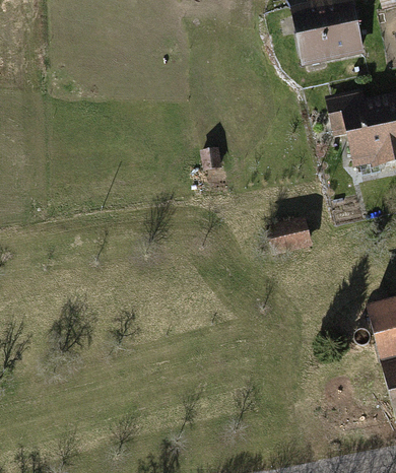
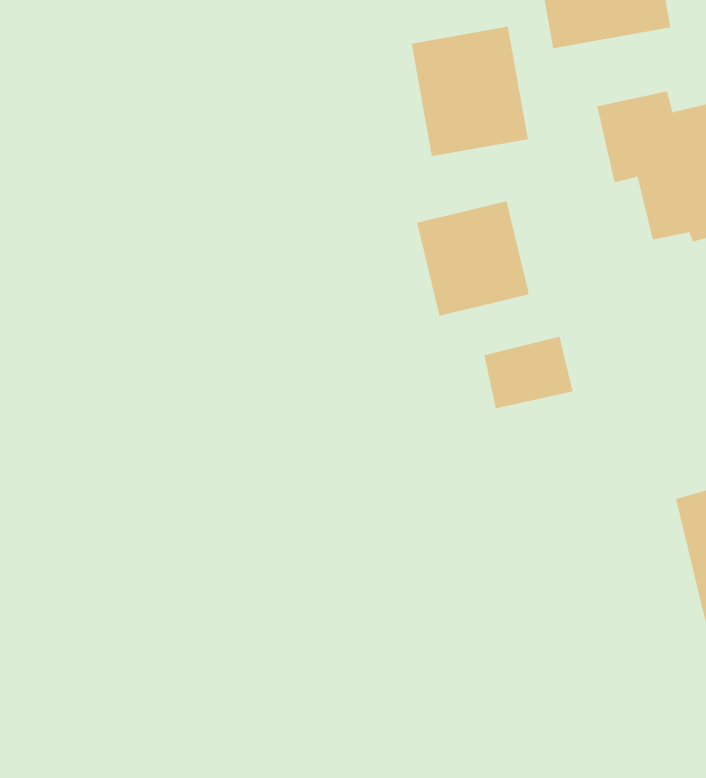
building: none -> [411,26,528,157]
building: none -> [417,200,530,316]

